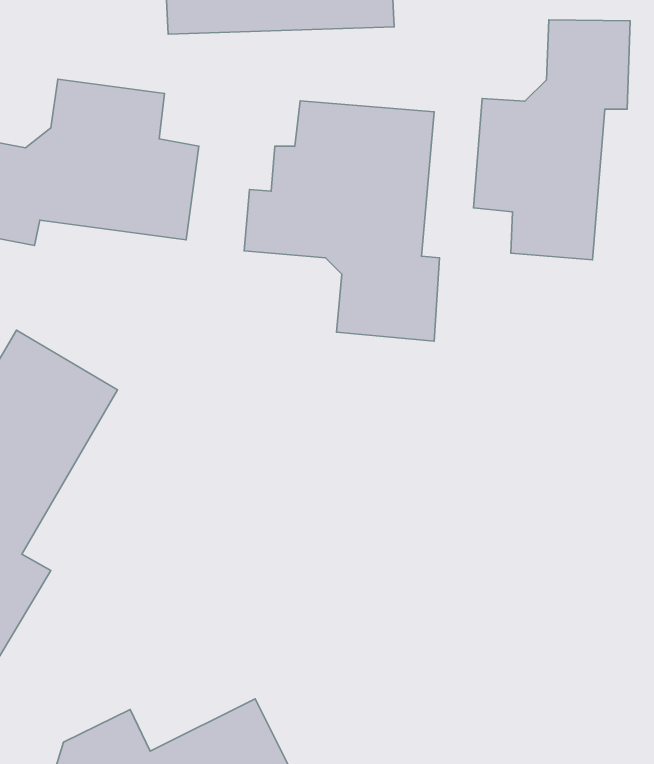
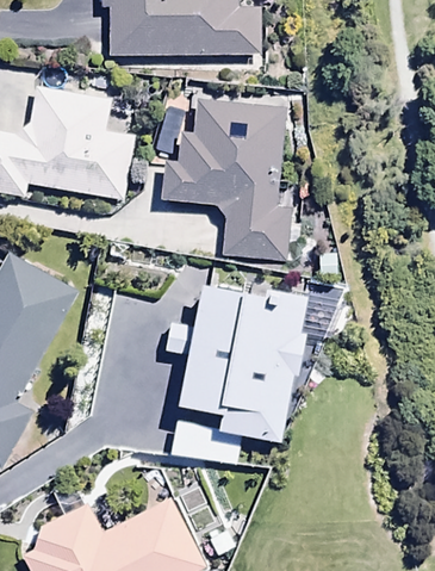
building: [473,20,630,260] -> none
building: none -> [170,286,310,441]

